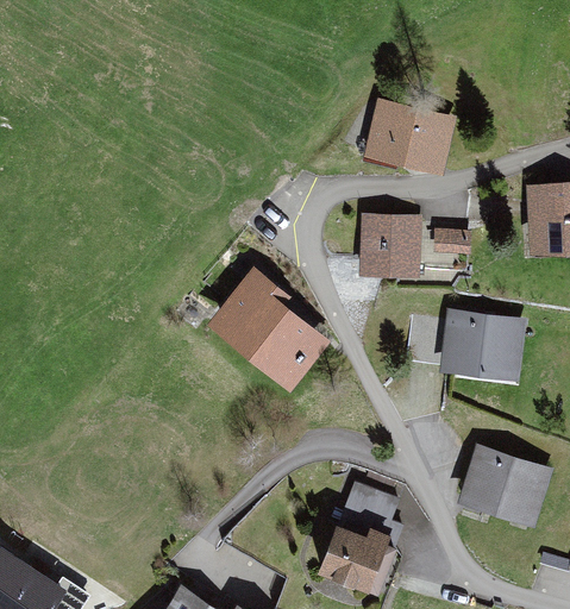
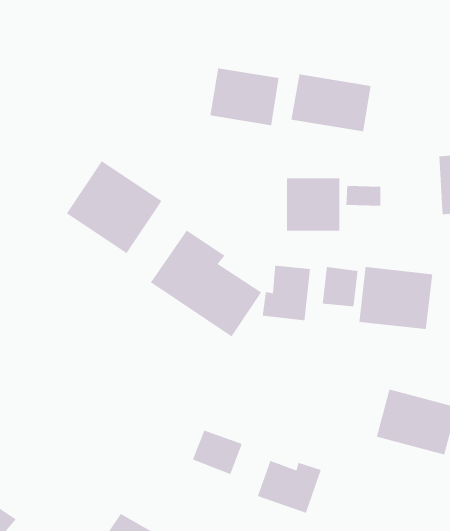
building: none -> [210,67,280,126]
building: none -> [66,160,163,254]
building: none -> [262,265,311,321]
building: [337,478,393,528] -> [192,430,243,475]

